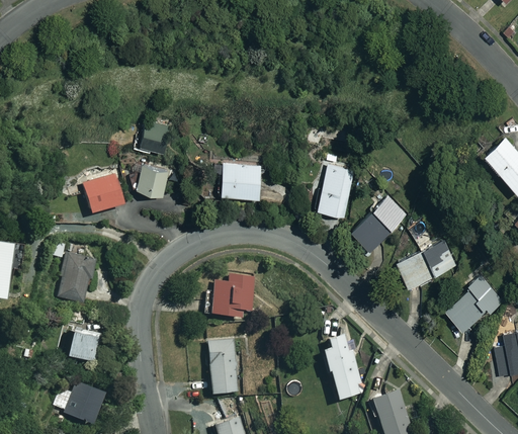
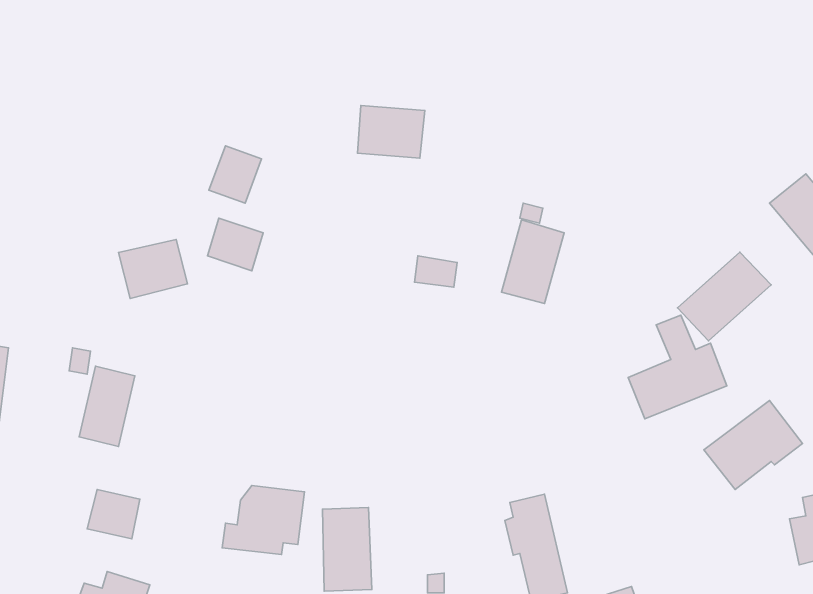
building: [222,163,263,195] -> [357,105,425,158]
building: [351,195,409,250] -> [677,252,771,341]
building: [205,274,256,317] -> [222,485,304,554]

